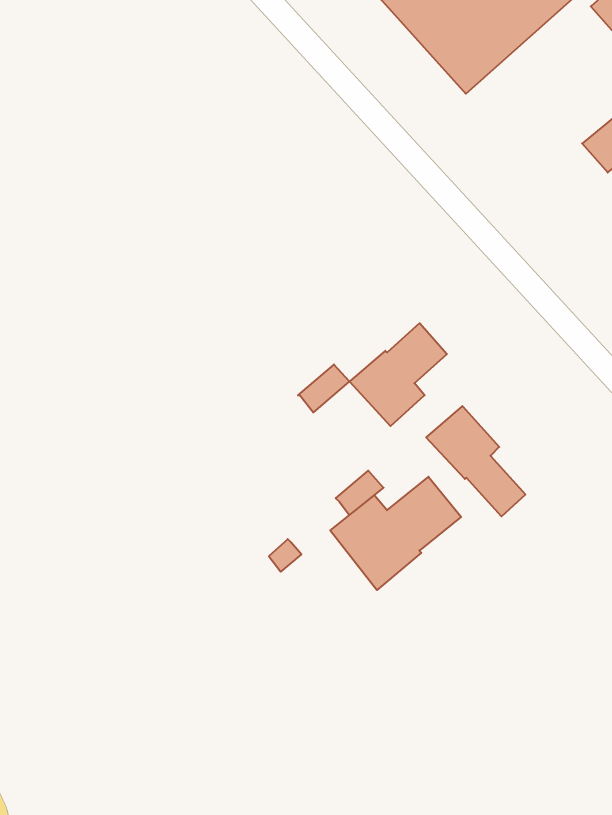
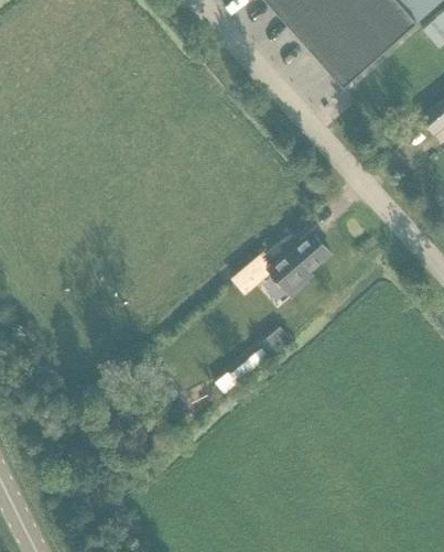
building: [426,406,525,516] -> none
building: [330,477,461,590] -> none

